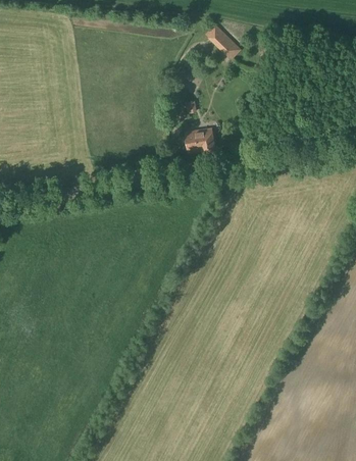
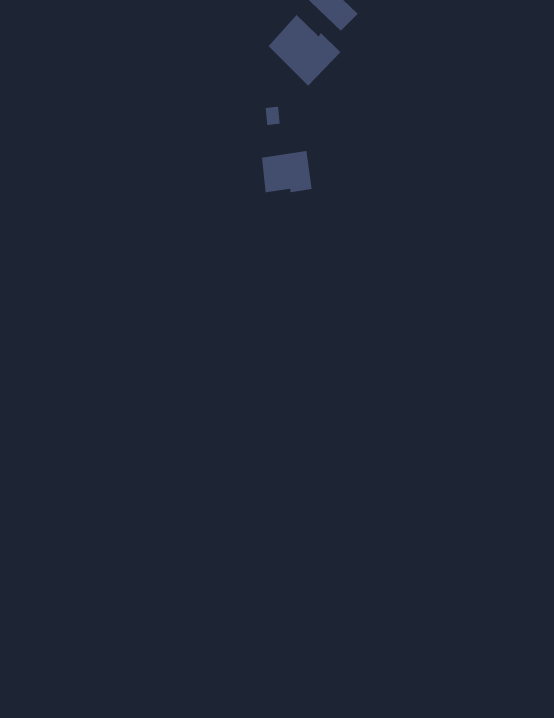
building: none -> [268,14,341,87]

